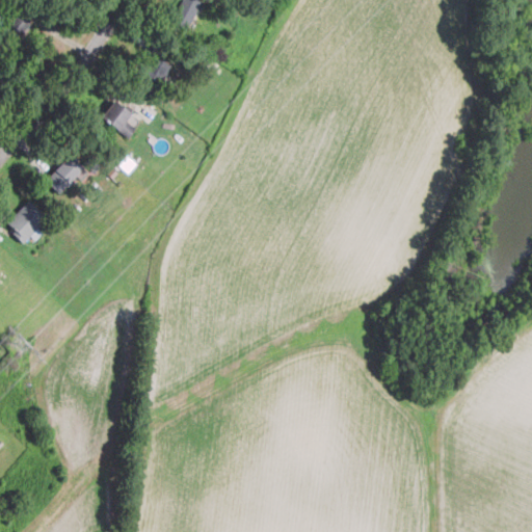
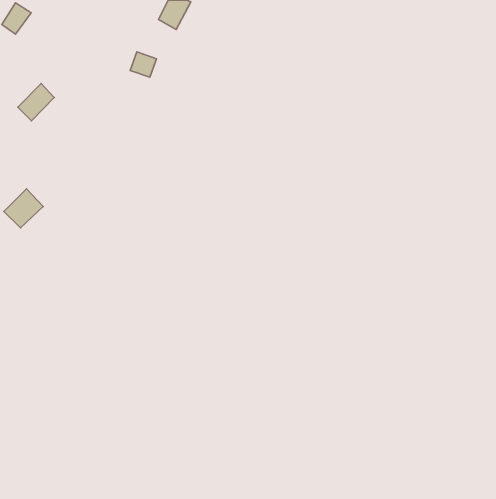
building: [104,102,135,132] -> none
building: [48,156,86,195] -> [18,84,54,121]

